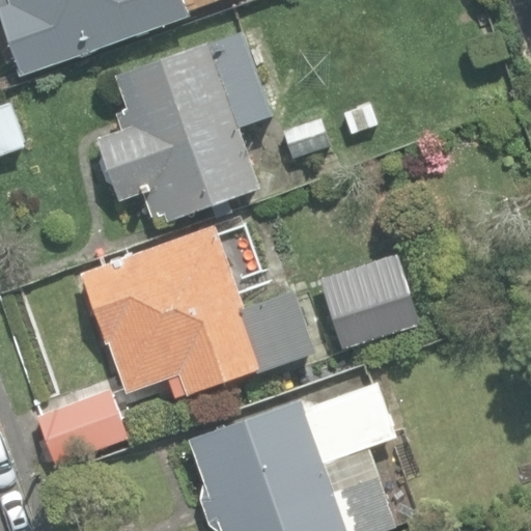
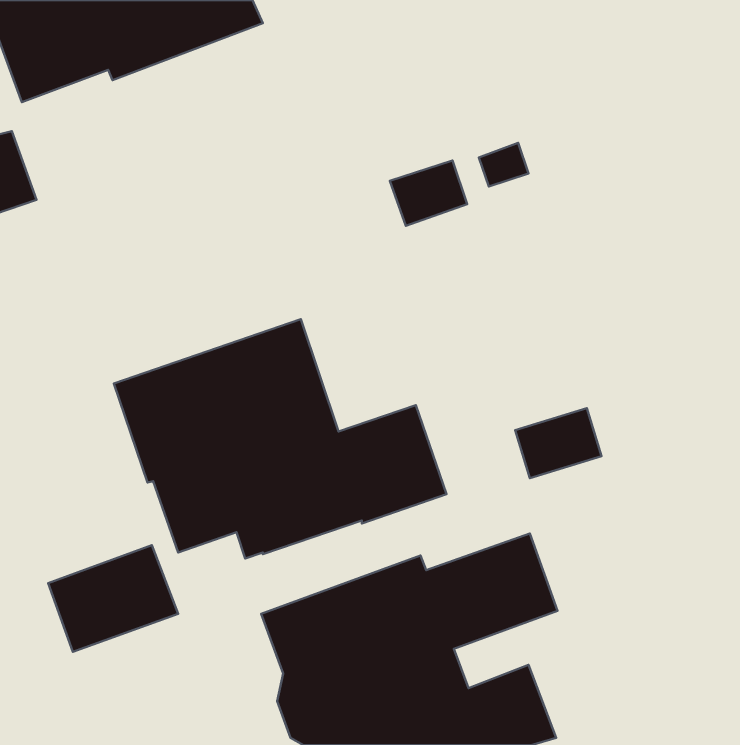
building: [96,31,273,223] -> none

